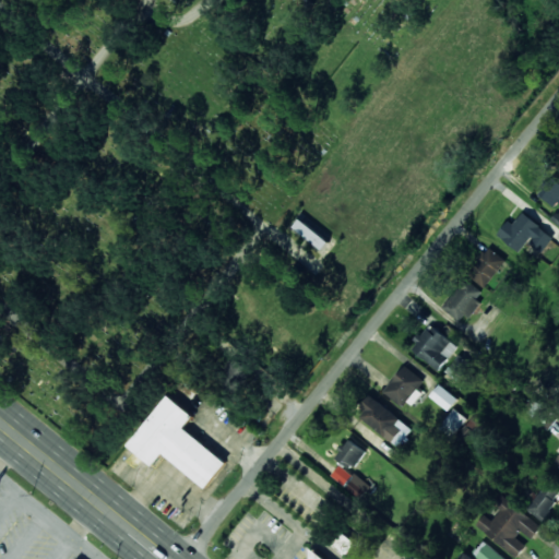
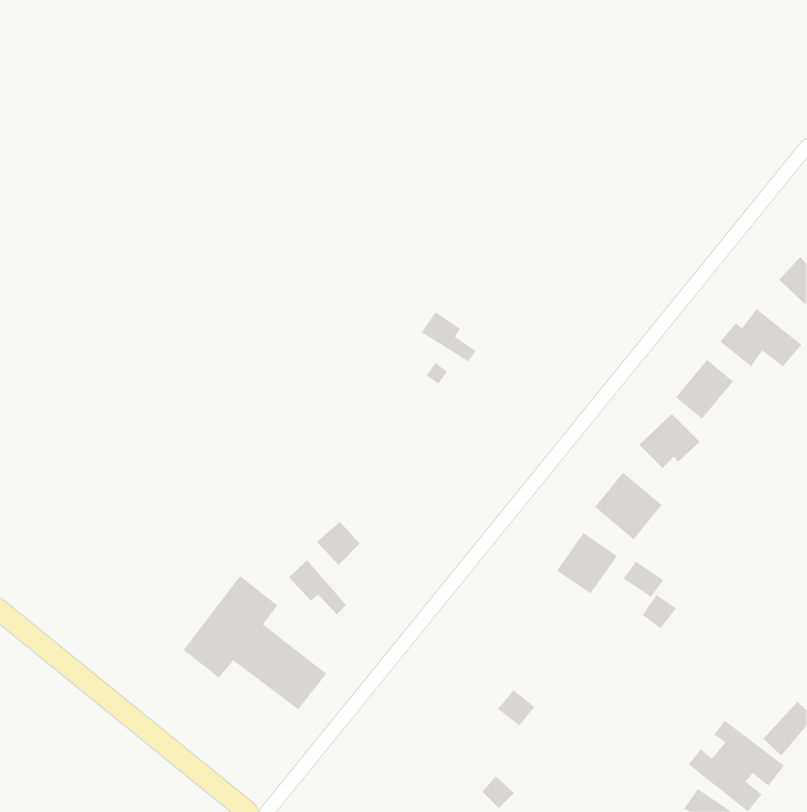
building: none -> [288,559,347,615]
building: [355,396,409,448] -> none
building: [333,439,364,469] -> none

